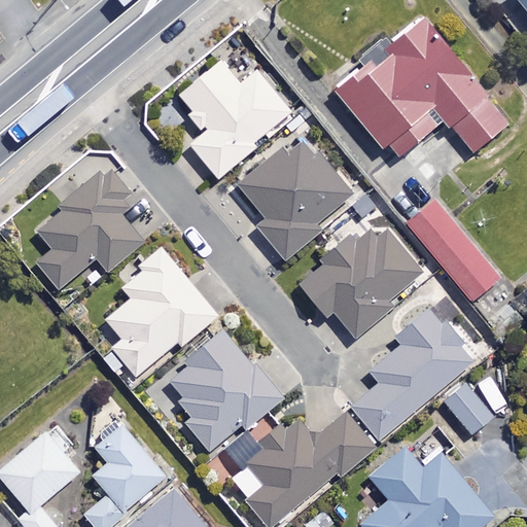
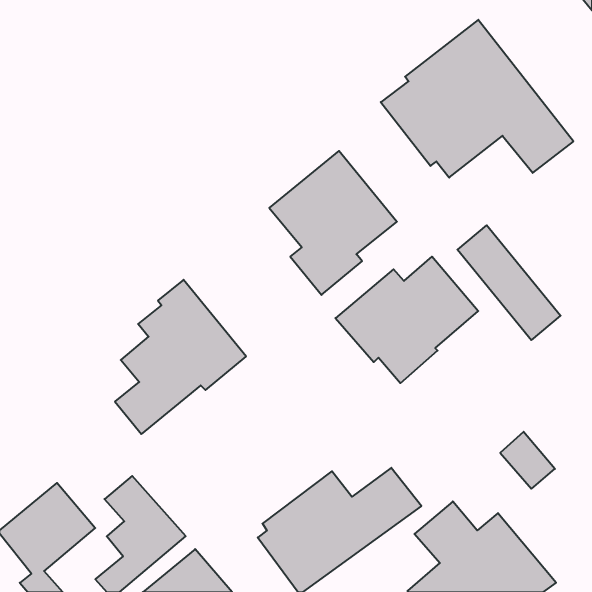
building: [179,61,290,179] -> none
building: [36,167,144,289] -> none
building: [352,308,476,438] -> none
building: [168,331,282,450] -> none

